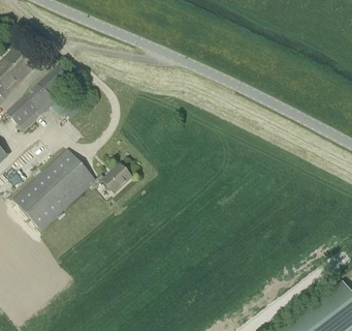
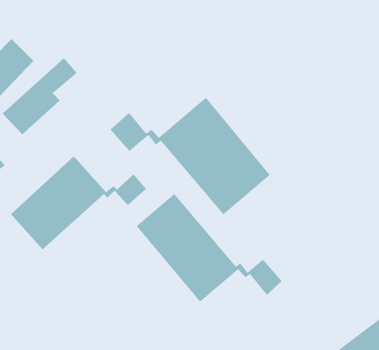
building: none -> [110,97,270,215]
building: none -> [136,193,282,303]

